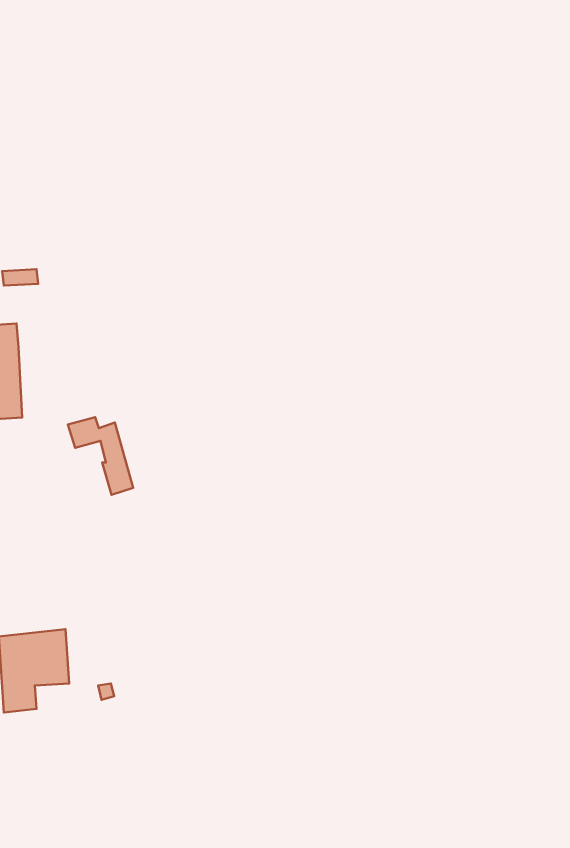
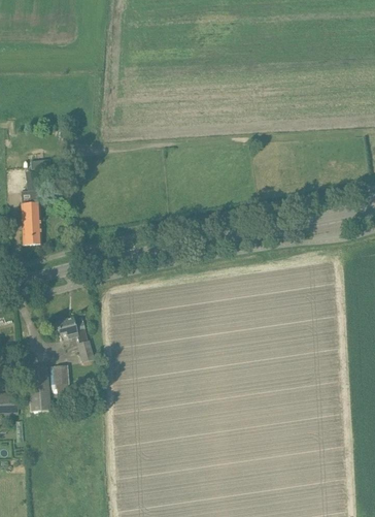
building: [68,417,133,495] -> [57,319,94,363]

